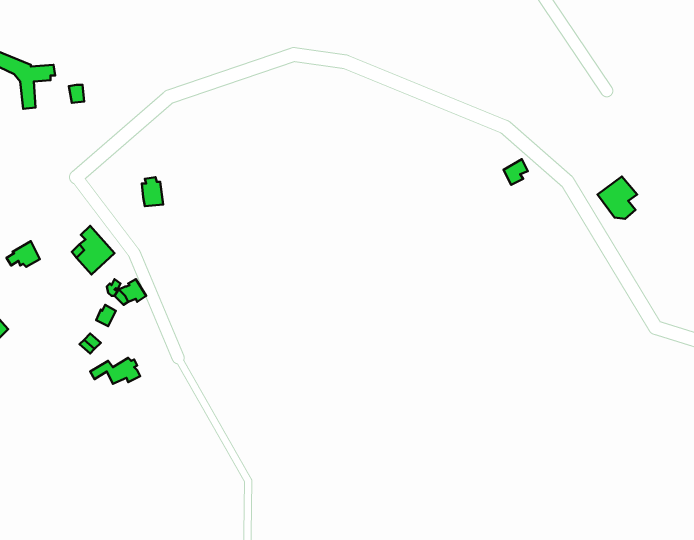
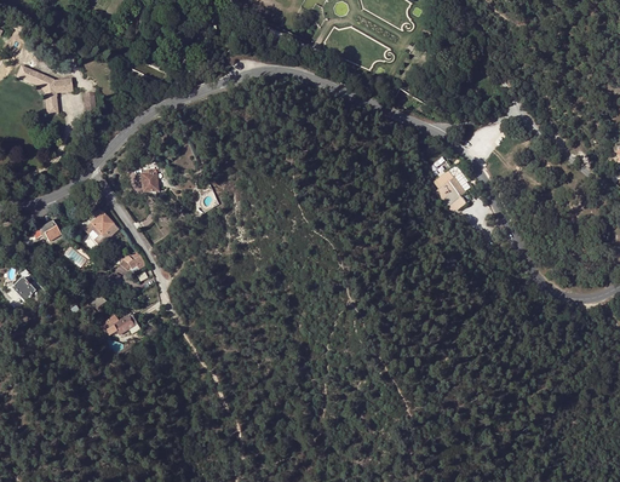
building: [598,176,637,219] -> [436,176,467,210]

